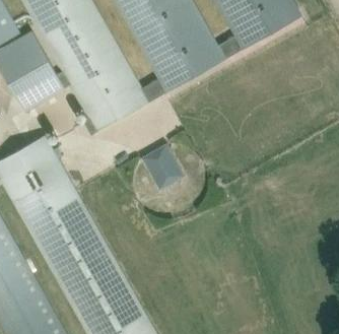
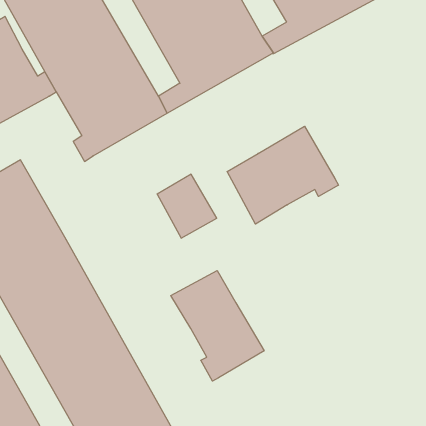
building: none -> [227,126,338,224]
building: none -> [171,271,264,381]

